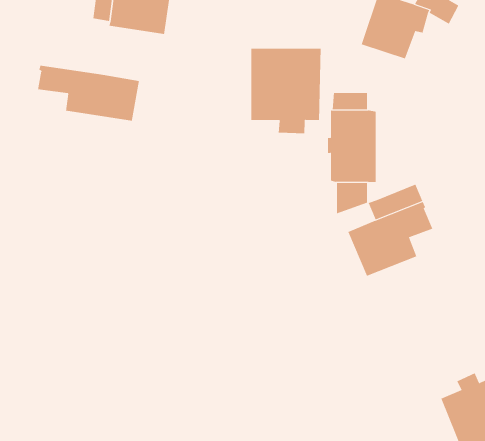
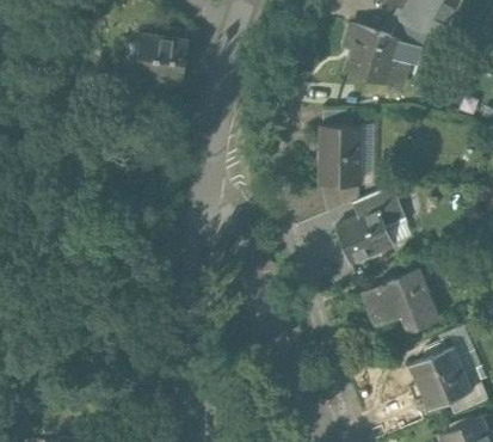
building: [251,48,321,134] -> none
building: [37,65,140,121] -> none
building: none -> [360,272,437,332]

